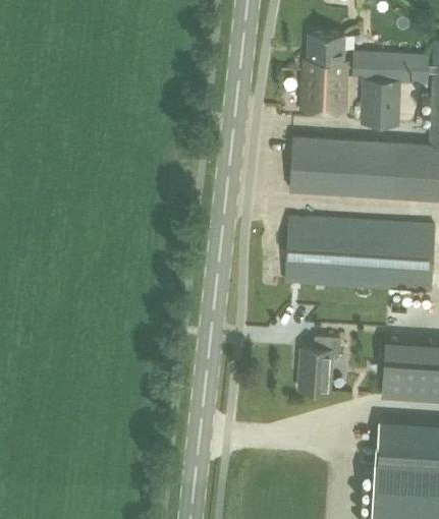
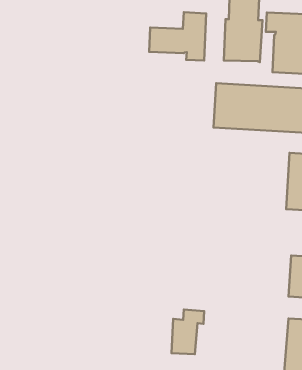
building: none -> [149,12,206,61]
building: [284,217,381,290] -> none
building: [300,338,340,392] -> [171,310,204,354]

